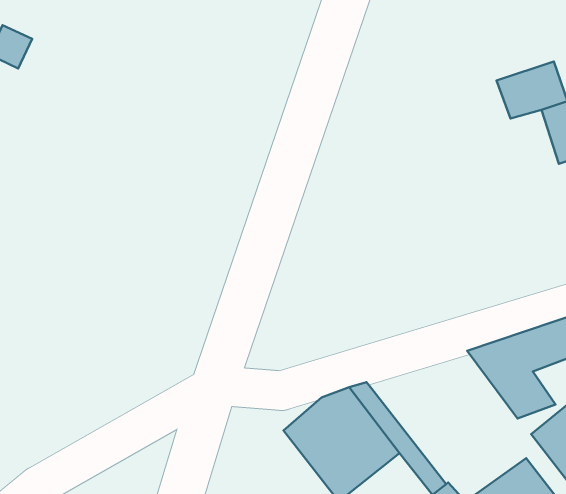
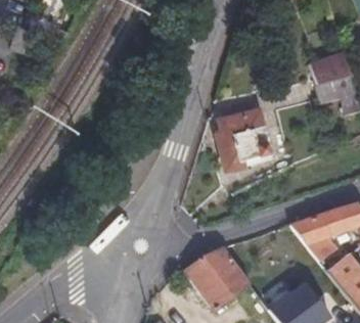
building: none -> [217,113,270,171]

